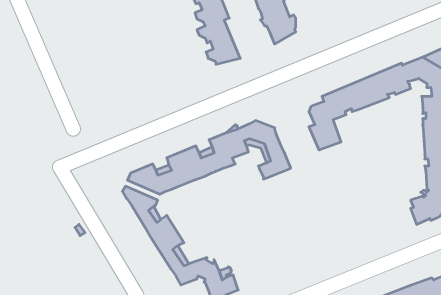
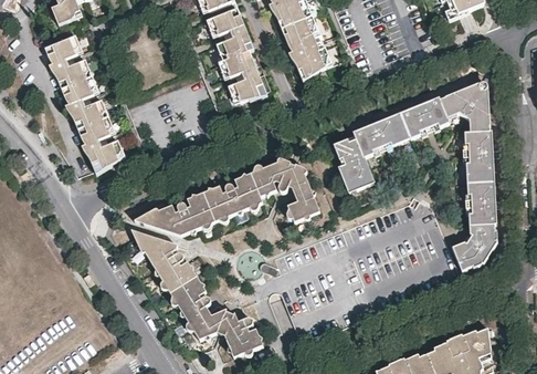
building: none -> [48,39,123,175]

